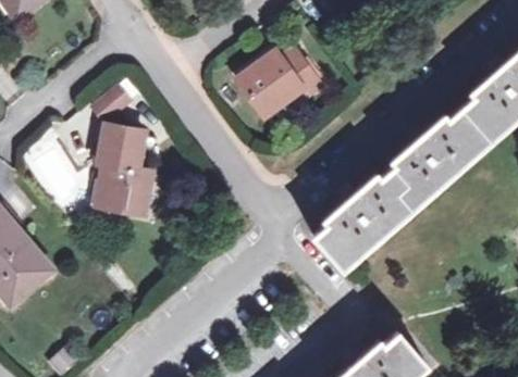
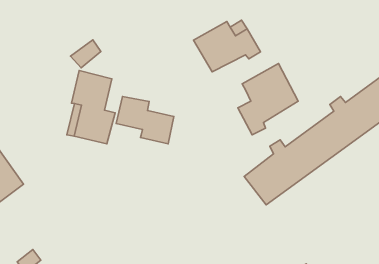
building: none -> [238,64,298,135]
building: none -> [116,96,174,144]

